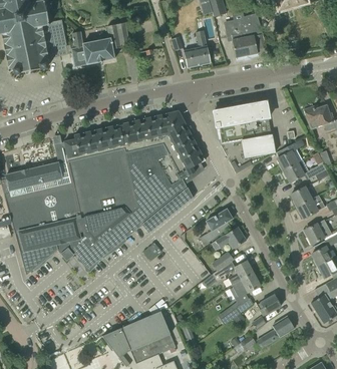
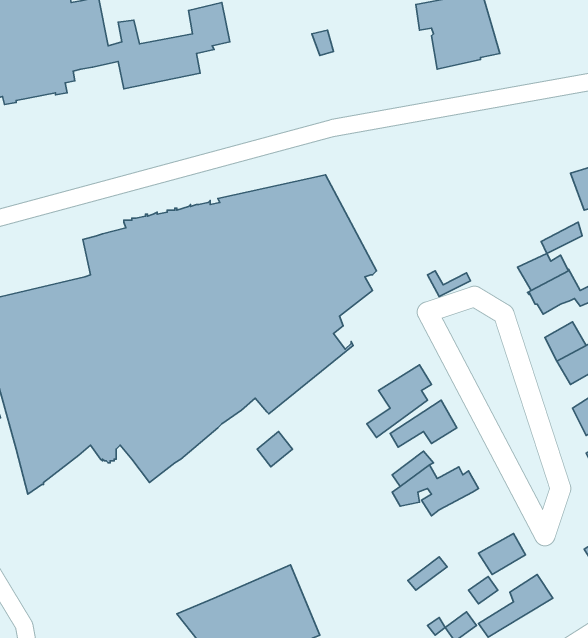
building: [183,30,210,68] -> none
building: [213,98,274,158] -> none
building: [232,274,260,305] -> none

